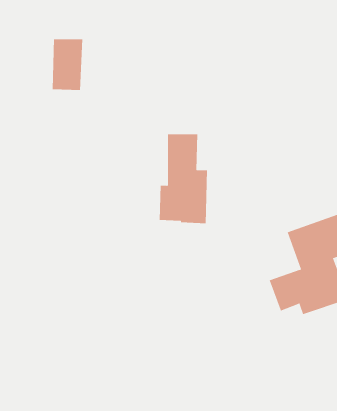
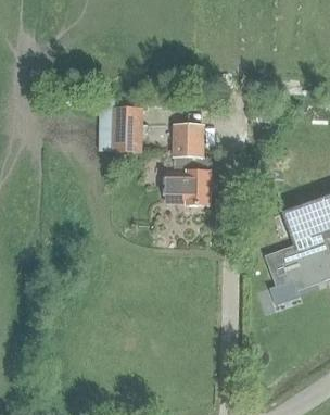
building: [52,39,83,91] -> [113,106,141,153]

